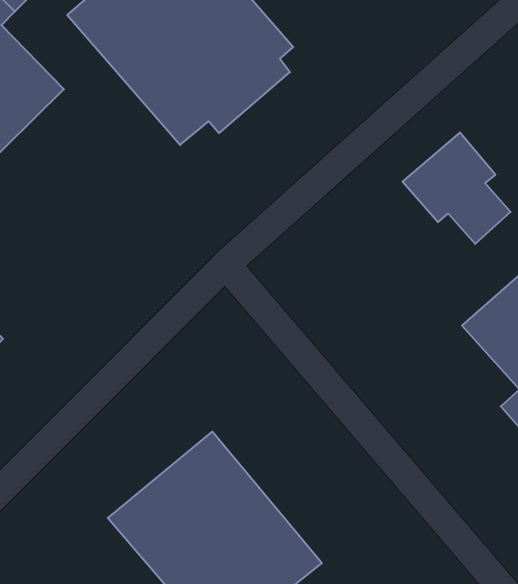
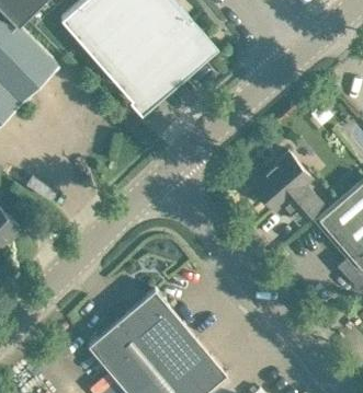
building: [403,133,511,244] -> [252,154,322,227]

